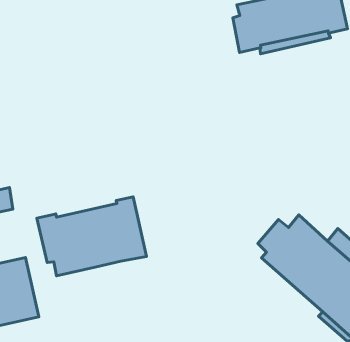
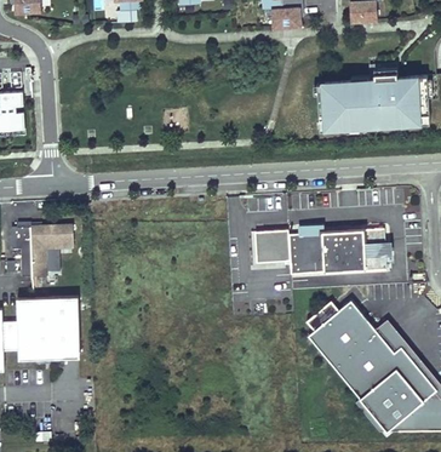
building: none -> [254,228,391,274]
building: [37,197,147,276] -> none

